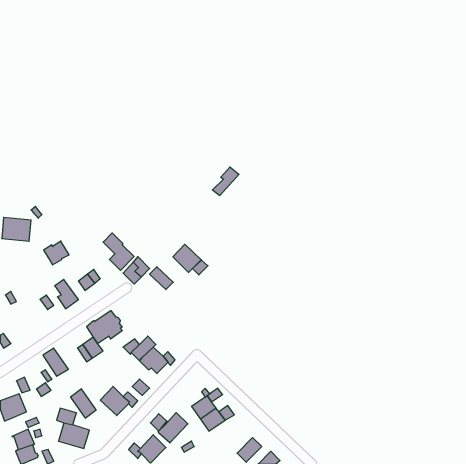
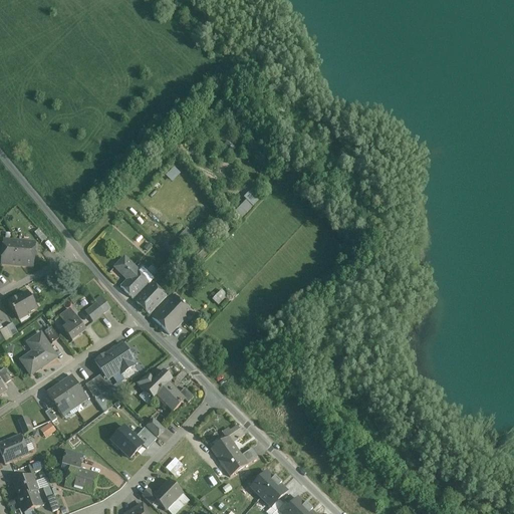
building: [44,241,69,265] -> [8,291,36,317]
building: [173,244,201,272] -> [152,301,183,332]
building: none -> [20,331,56,372]
building: [71,389,96,418] -> [59,373,87,406]
building: [158,413,188,443] -> none
building: none -> [250,471,278,498]

